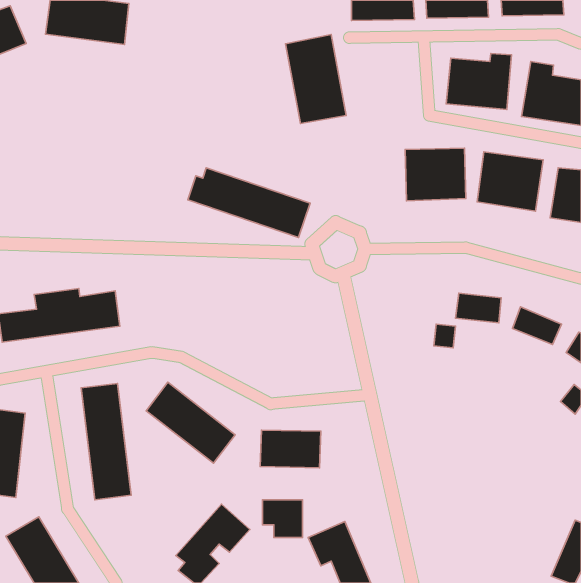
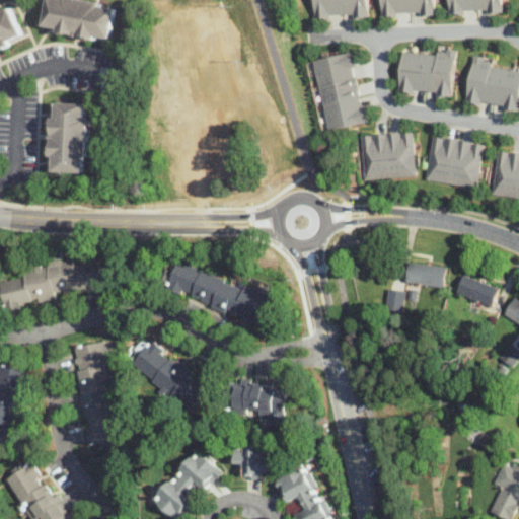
building: [286,35,346,124] -> [312,51,366,130]
building: none -> [49,101,88,172]
building: [188,168,310,237] -> [159,261,268,322]

